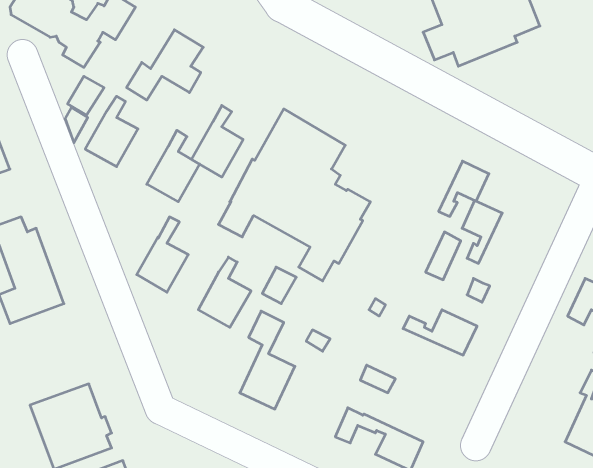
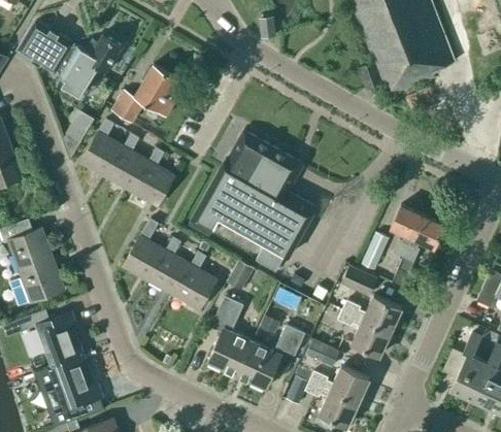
building: [192,105,243,177] -> [106,133,148,192]
building: [439,161,489,216] -> [403,215,444,261]
building: none -> [147,237,190,295]
building: none -> [339,265,376,297]
building: none -> [15,308,83,367]
building: none -> [337,310,391,357]
building: none -> [236,325,305,390]
building: none -> [449,333,492,403]
building: none -> [309,366,369,403]

